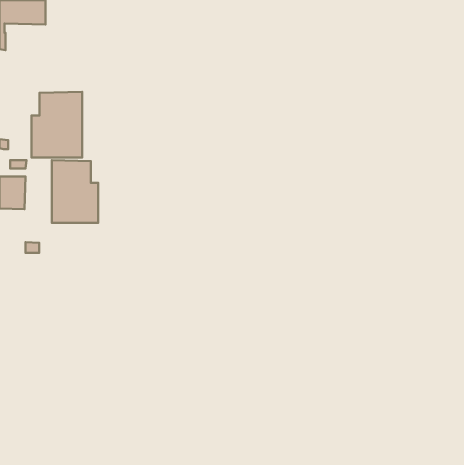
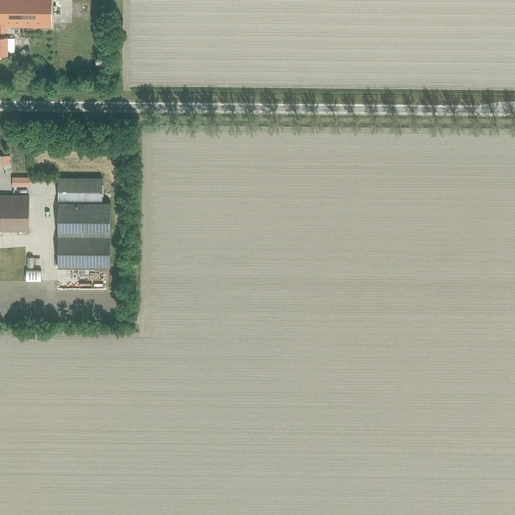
building: [32,92,82,157] -> none
building: none -> [56,246,109,267]

